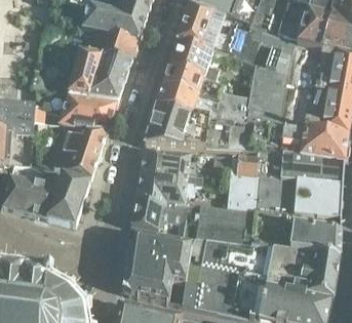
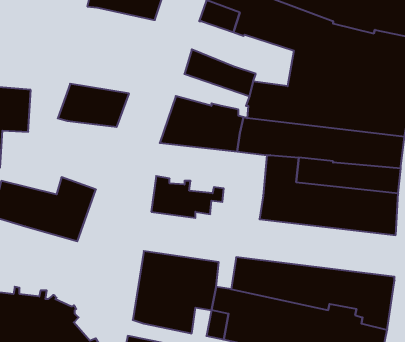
building: [68,29,138,100] -> none
building: [169,40,212,78] -> none
building: [156,84,218,111] -> none
building: [54,123,107,176] -> none
building: [140,148,191,184] -> none
building: [131,199,189,234] -> none
building: [196,202,340,253] -> none

